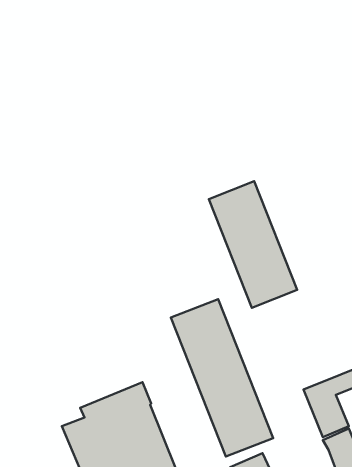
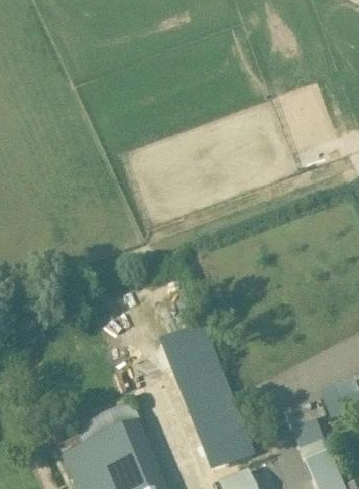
building: [209,181,297,308] -> none

